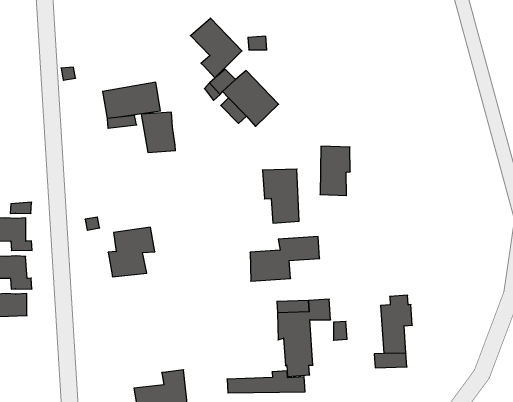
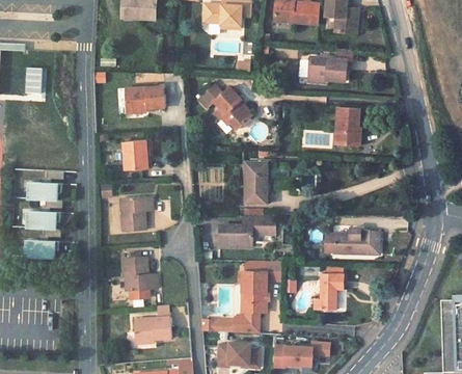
building: none -> [306,46,350,78]
building: [190,18,242,78] -> none
building: [141,112,175,152] -> [124,142,147,171]
building: [320,146,350,196] -> [333,106,358,144]
building: none -> [331,224,378,250]
building: none -> [121,257,158,291]

